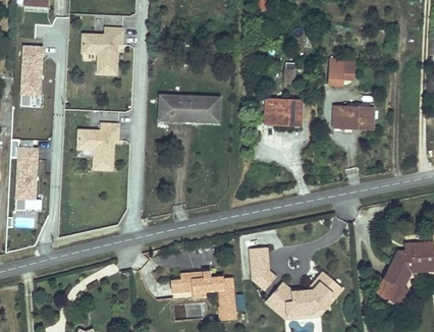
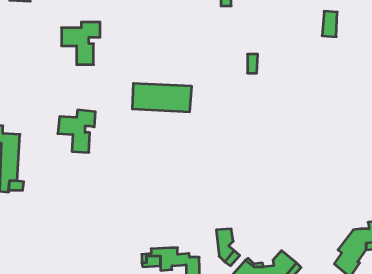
building: [21,50,43,110] -> none
building: [328,60,344,88] -> [322,11,337,37]
building: [264,96,300,121] -> none
building: [333,109,373,131] -> none

